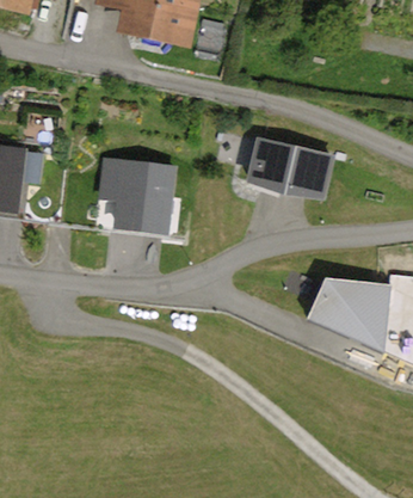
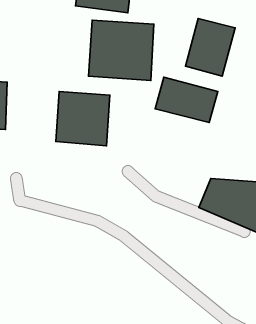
building: none -> [185,19,235,76]
building: none -> [88,20,154,80]

